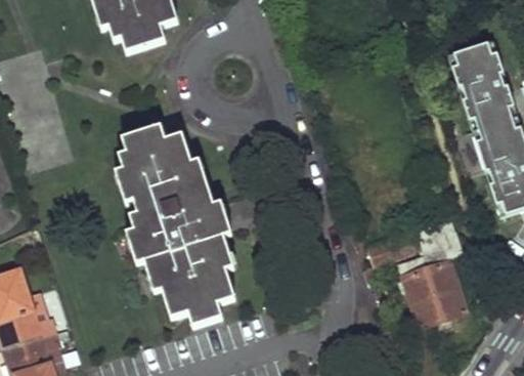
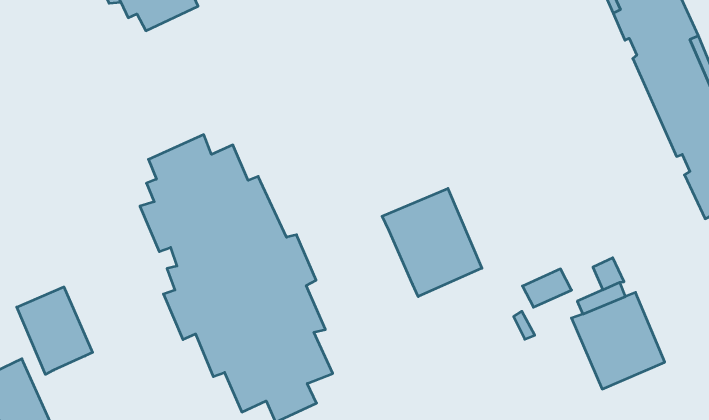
building: none -> [382,188,482,297]
building: none -> [17,287,93,374]

